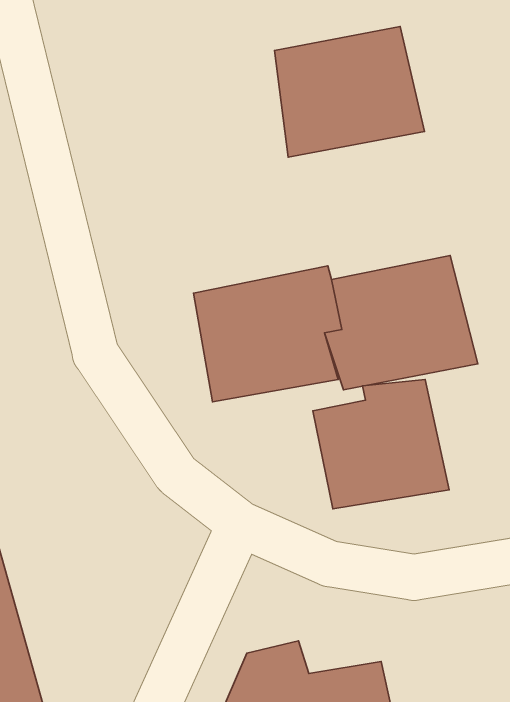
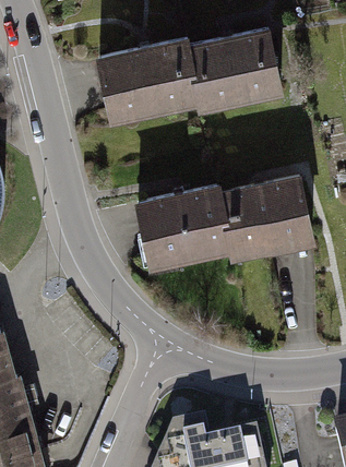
building: none -> [94,39,198,128]
building: [313,379,449,509] -> none

